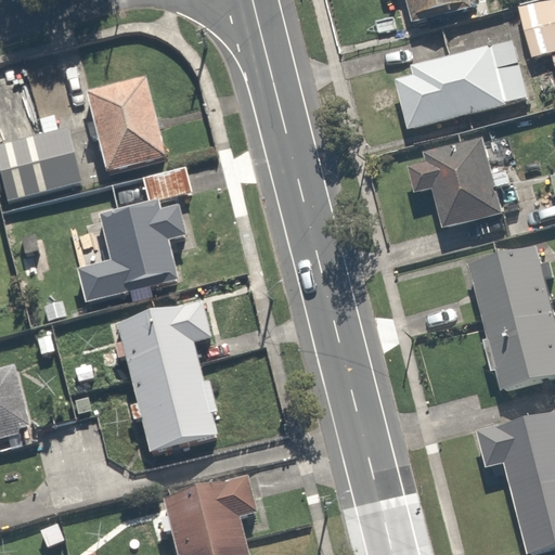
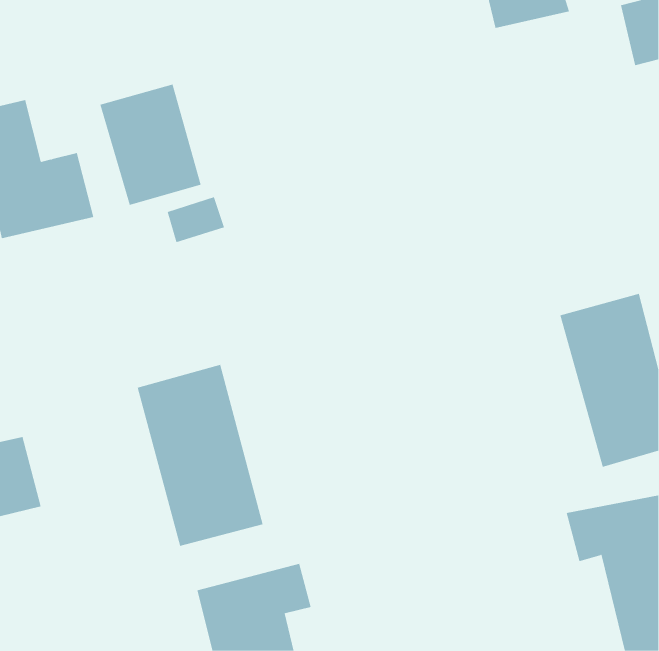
building: [392,30,533,129] -> none
building: [408,133,519,222] -> none
building: [100,202,186,295] -> none

